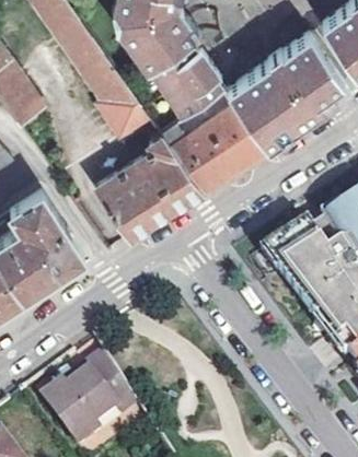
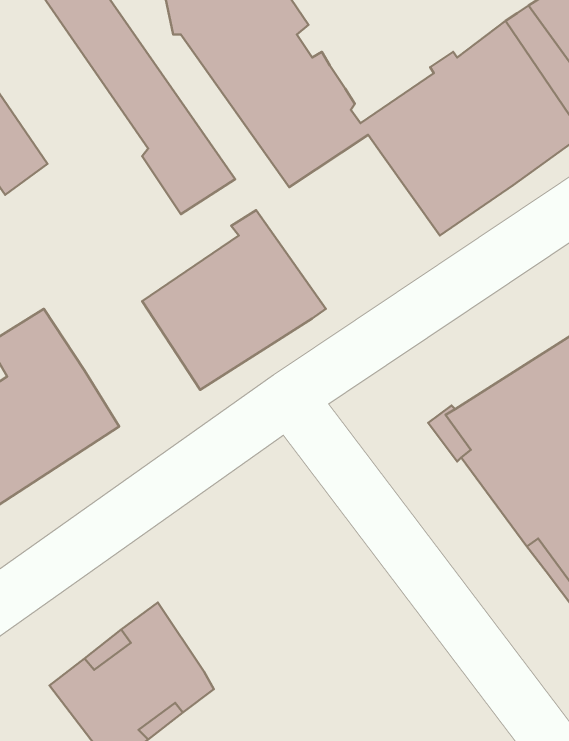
building: [170,102,266,189] -> none

